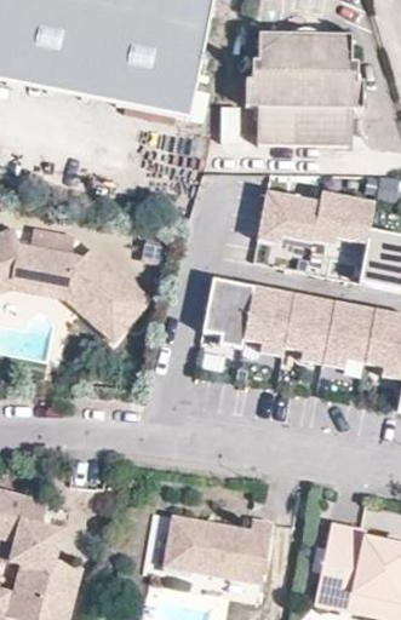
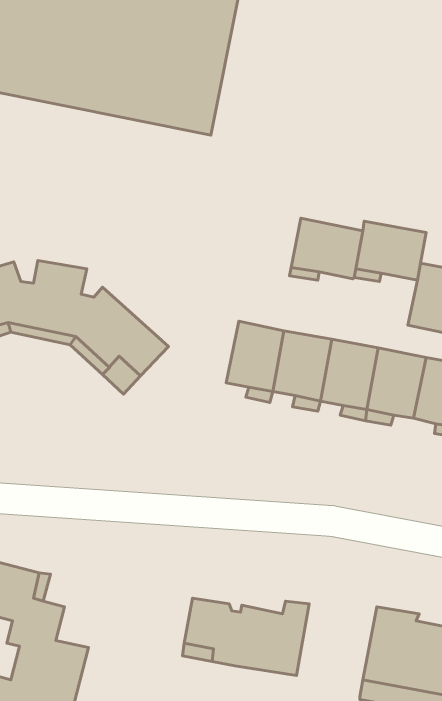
building: [246,35,363,144] -> none

